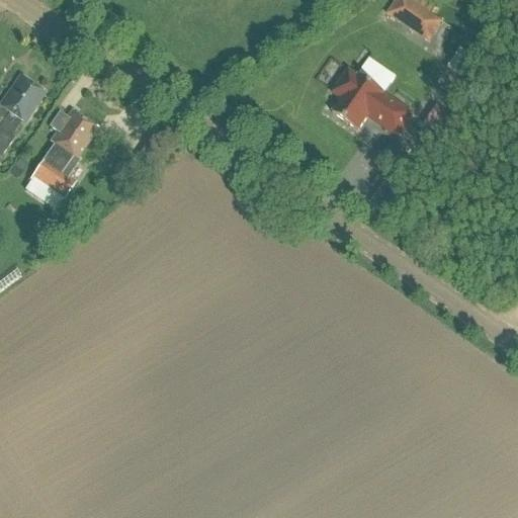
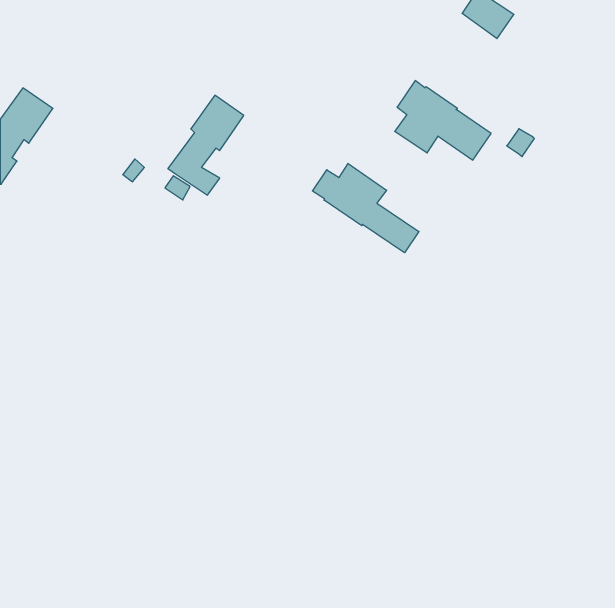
building: [32,110,96,194] -> [168,95,244,195]
building: none -> [312,163,419,253]

